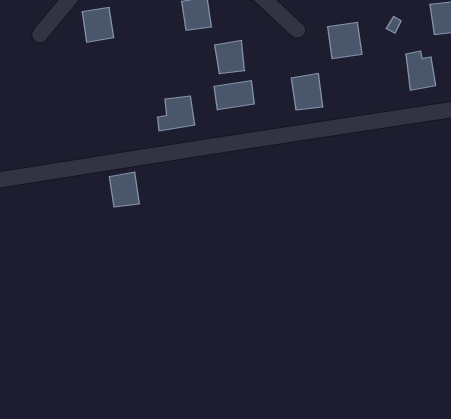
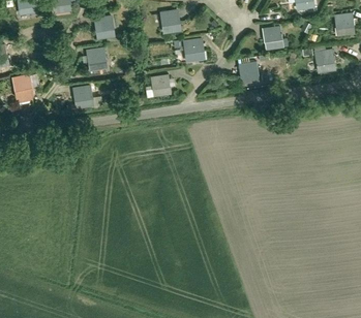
building: none -> [84,49,107,72]
building: [214,80,254,110] -> none
building: [109,172,139,207] -> [76,86,96,109]

